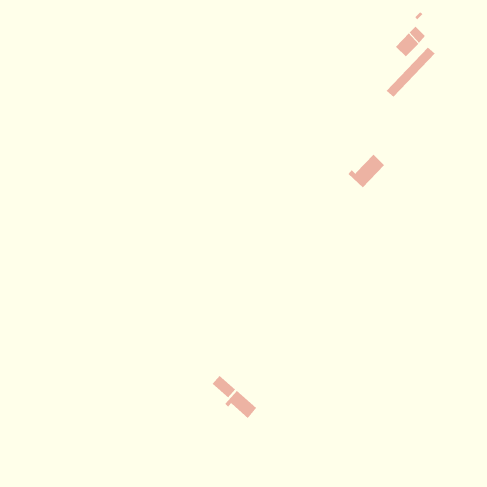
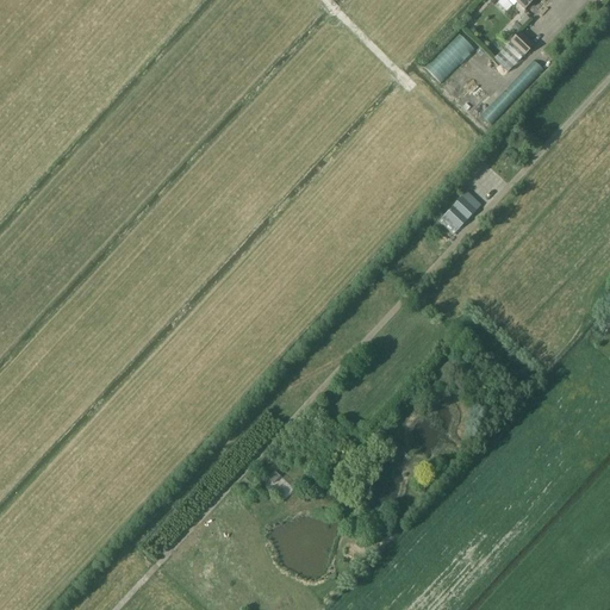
building: none -> [424,31,474,81]
building: [225,390,257,419] -> none

